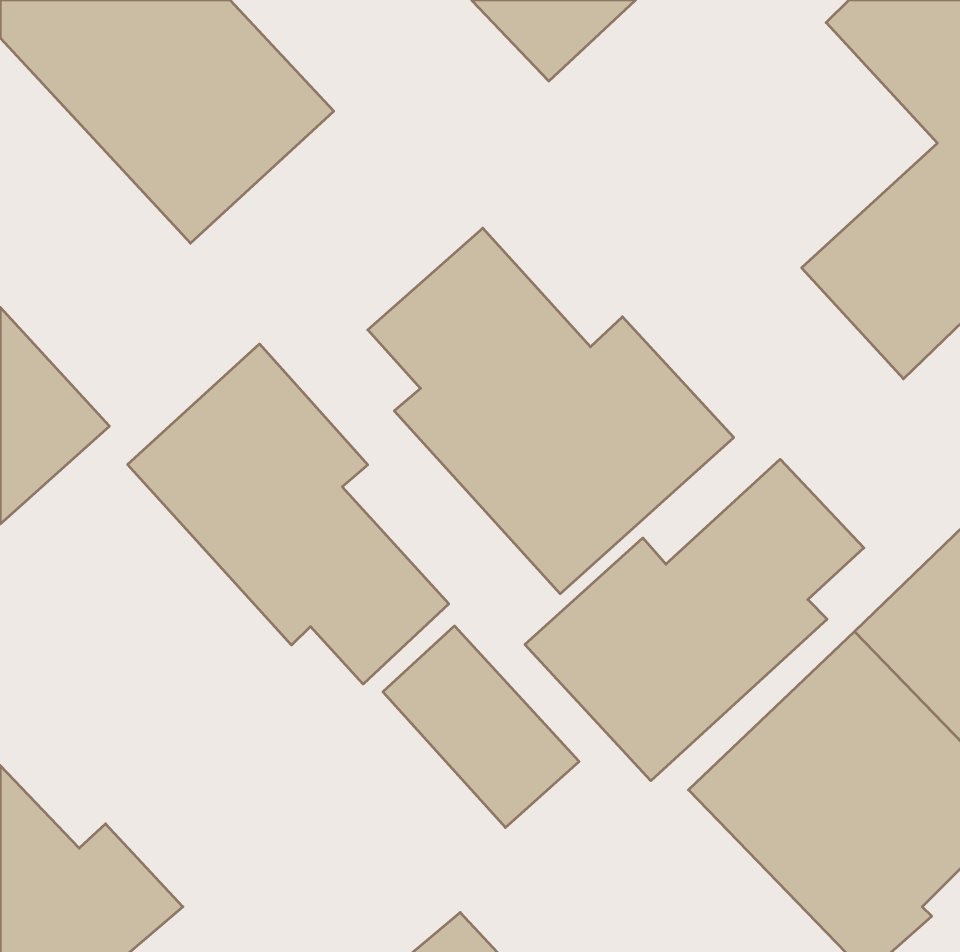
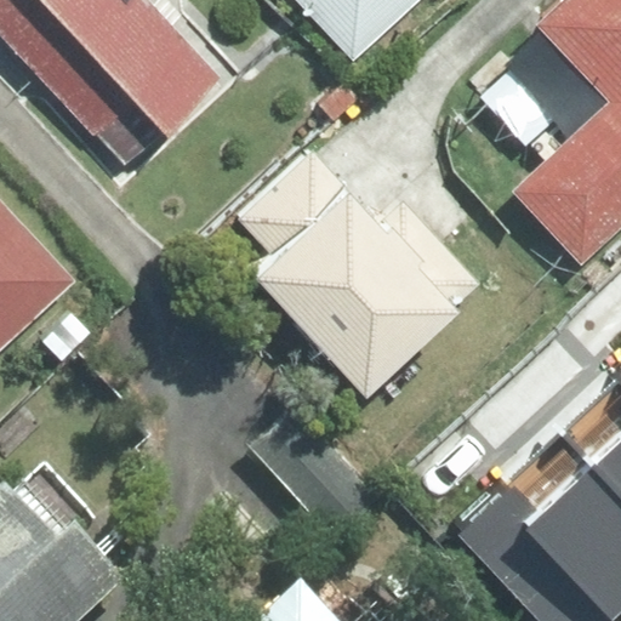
building: [128,344,449,684] -> none
building: [525,459,864,781] -> none

